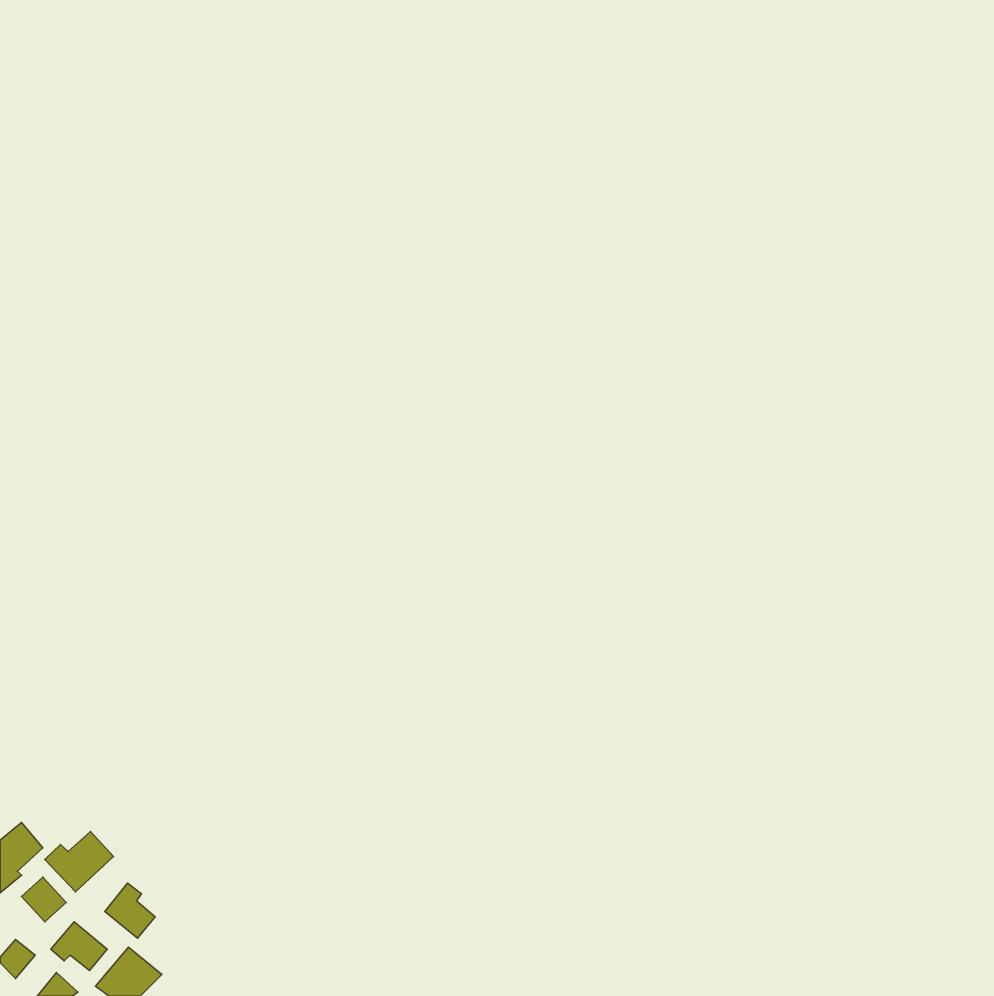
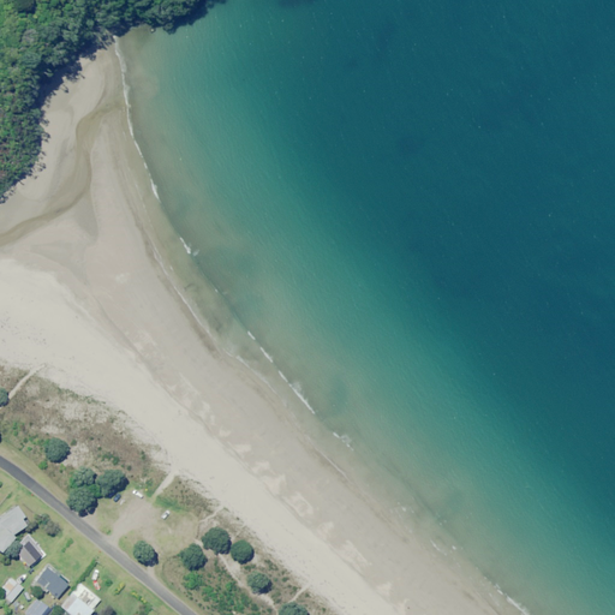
building: [45,831,114,892] -> none
building: [105,883,155,938] -> none

